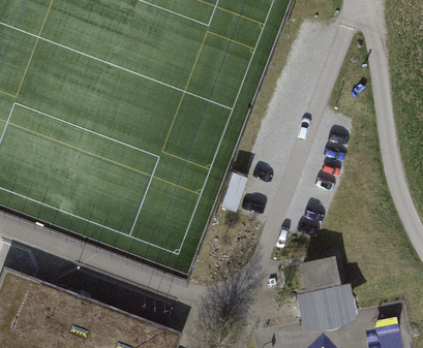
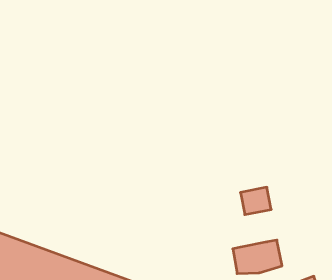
building: [301,261,337,293] -> [240,187,271,215]

